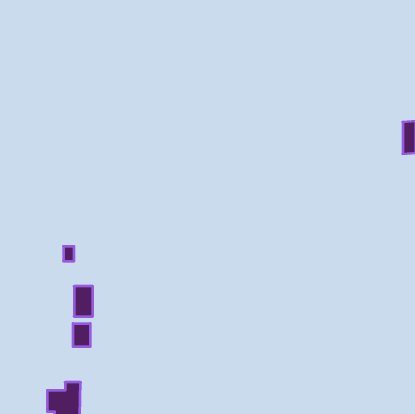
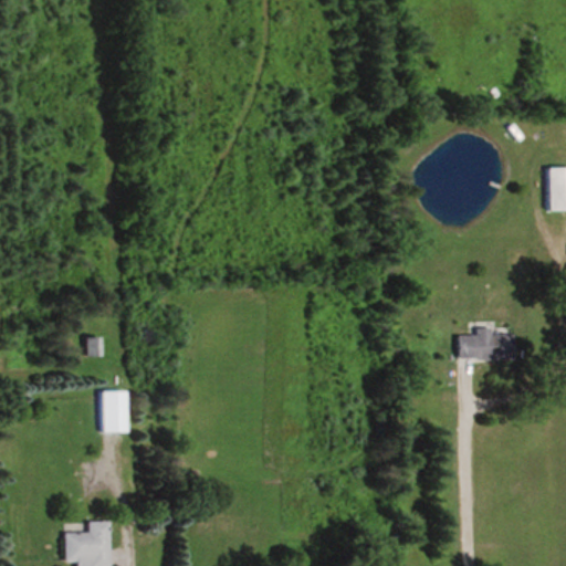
building: none -> [459,327,515,359]
building: [73,323,90,347] -> none

